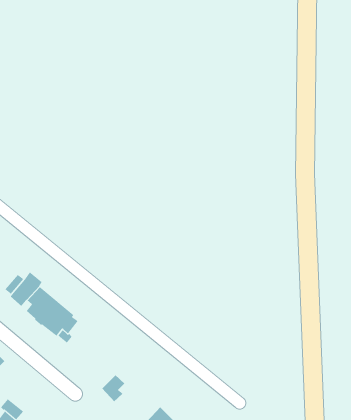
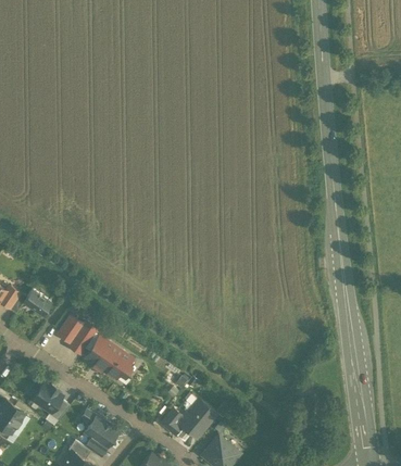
building: none -> [178,399,216,438]
building: none -> [86,416,118,448]

